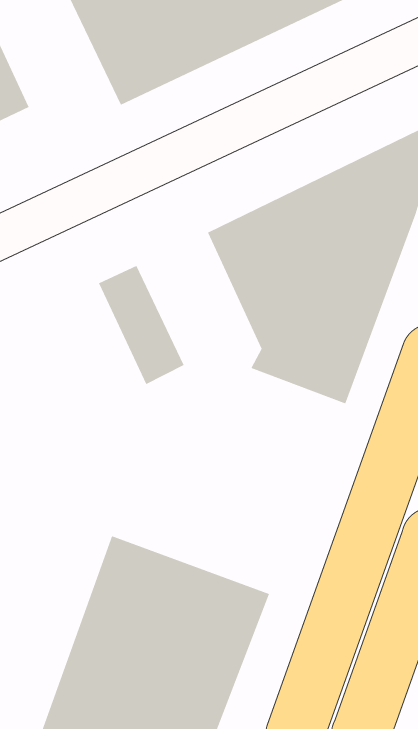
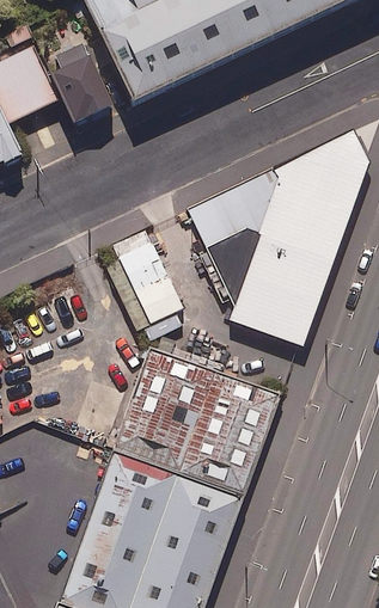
building: none -> [41,26,111,130]
building: none -> [120,343,285,492]

